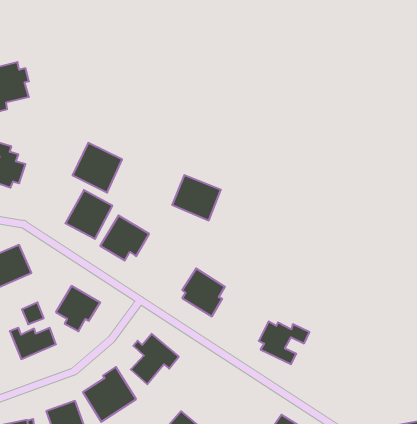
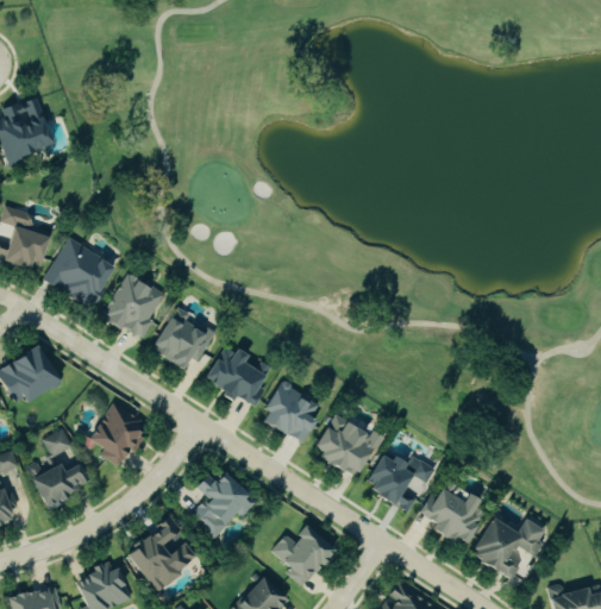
building: [72,143,122,193] -> [45,240,113,308]
building: [172,175,221,220] -> [206,346,273,408]
building: none -> [313,413,381,477]
building: none -> [420,488,481,545]
building: none -> [470,516,546,580]
building: none -> [273,526,336,586]

